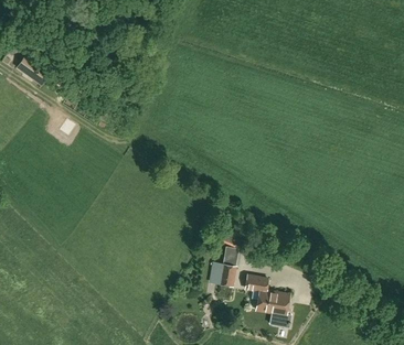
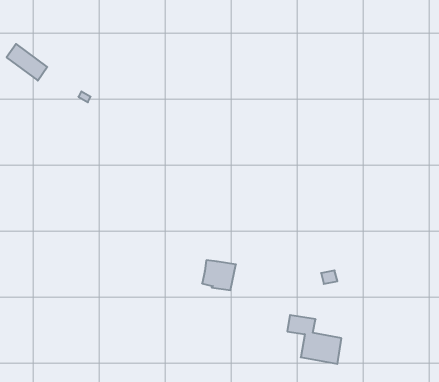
building: [210,262,237,287] -> [202,260,236,290]

